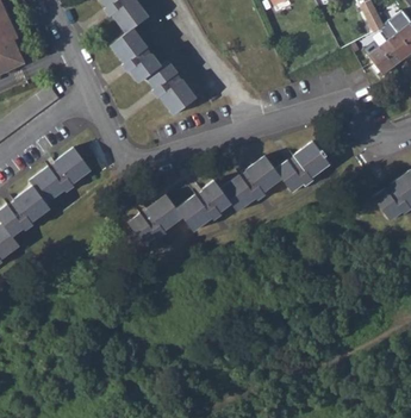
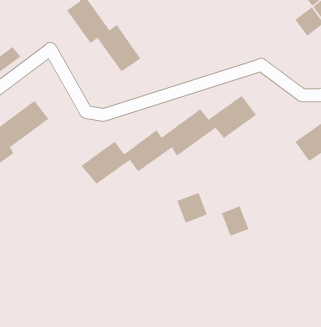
building: none -> [177,192,208,223]
building: none -> [221,206,249,237]

